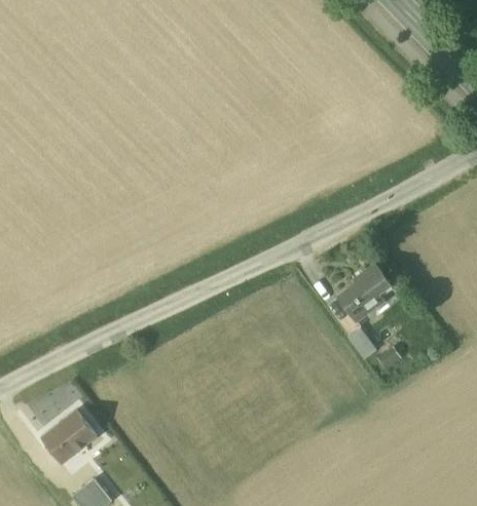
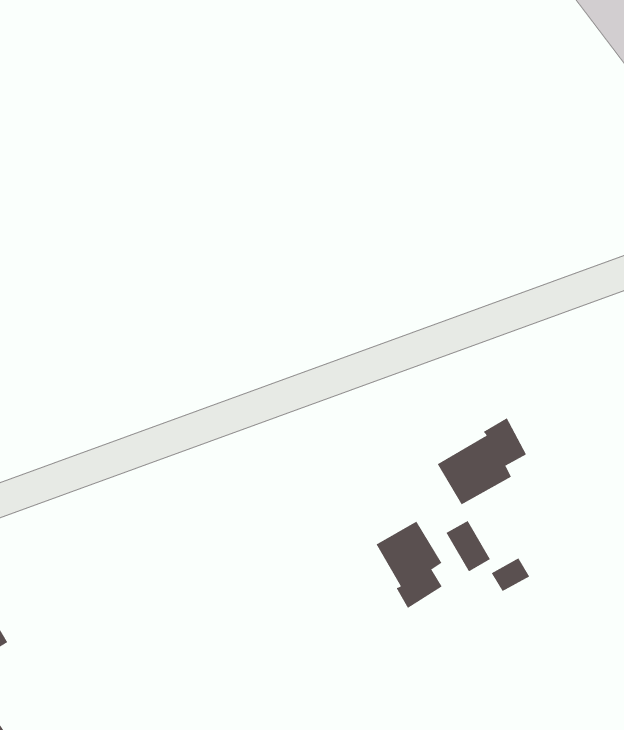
building: none -> [376,521,443,609]

